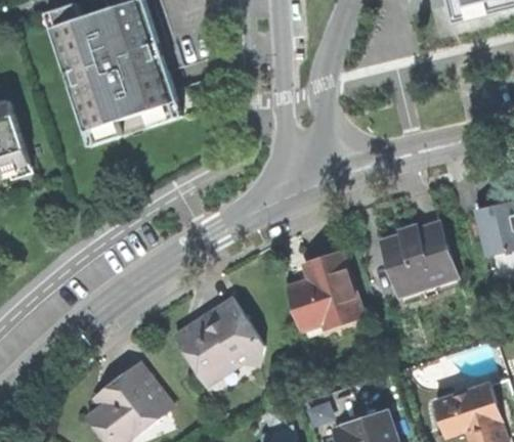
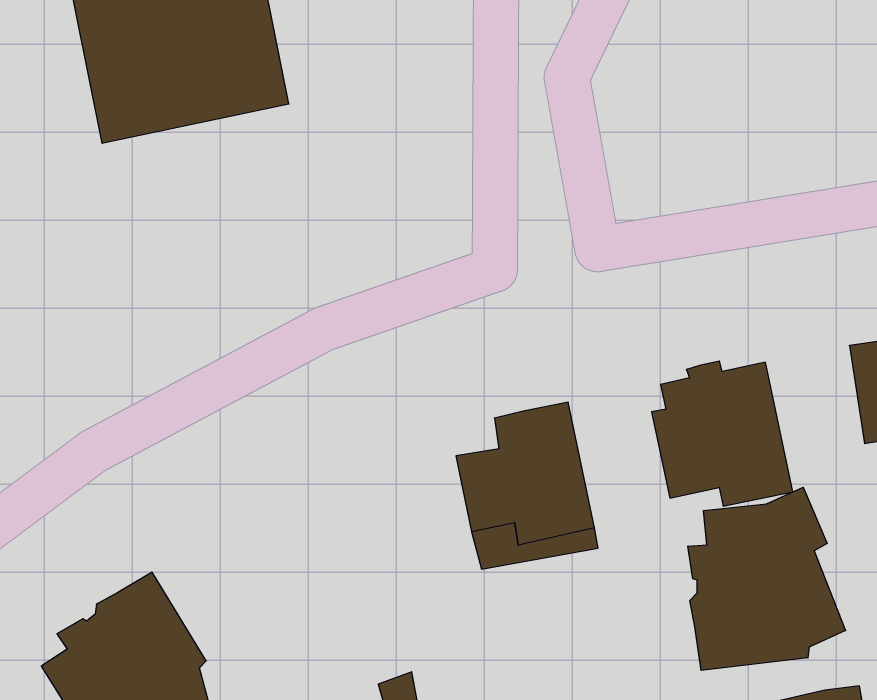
building: none -> [688,487,846,670]
building: [172,296,260,396] -> none

